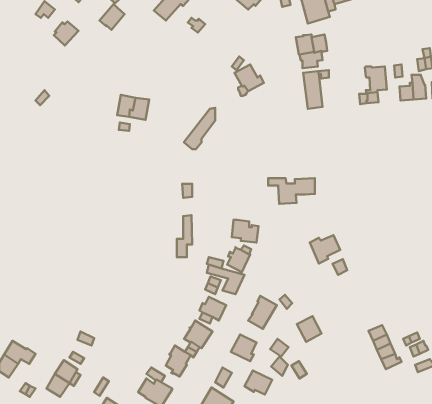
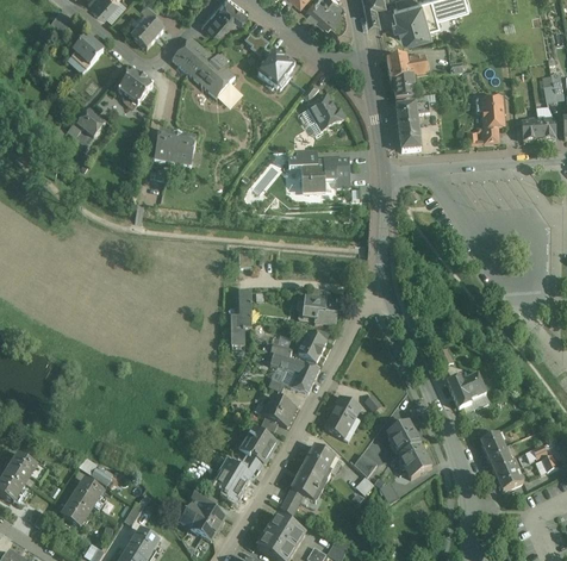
building: none -> [173,37,235,98]
building: none -> [257,51,294,87]
building: none -> [119,70,152,105]
building: none -> [68,111,105,147]
building: [268,178,315,204] -> [288,158,349,192]
building: [310,235,340,264] -> [447,372,486,409]
building: none -> [398,443,431,478]
building: [245,371,272,394] -> [291,467,326,498]

